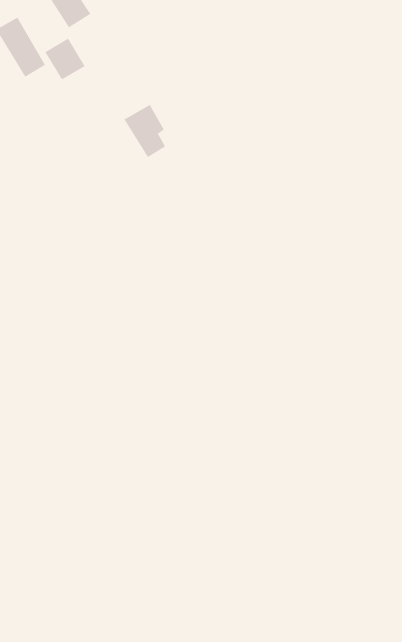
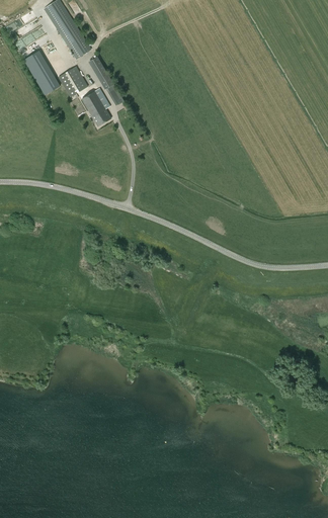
building: [123,104,166,158] -> [80,87,110,125]

